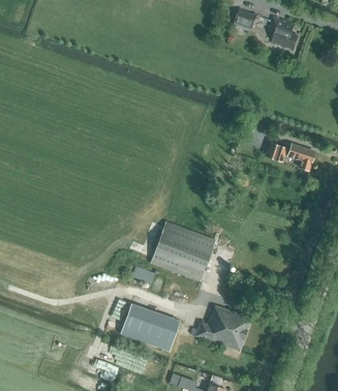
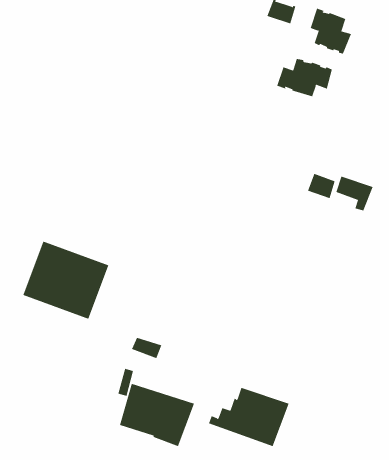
building: none -> [277,58,332,97]
building: [151,221,217,281] -> [23,241,109,319]

